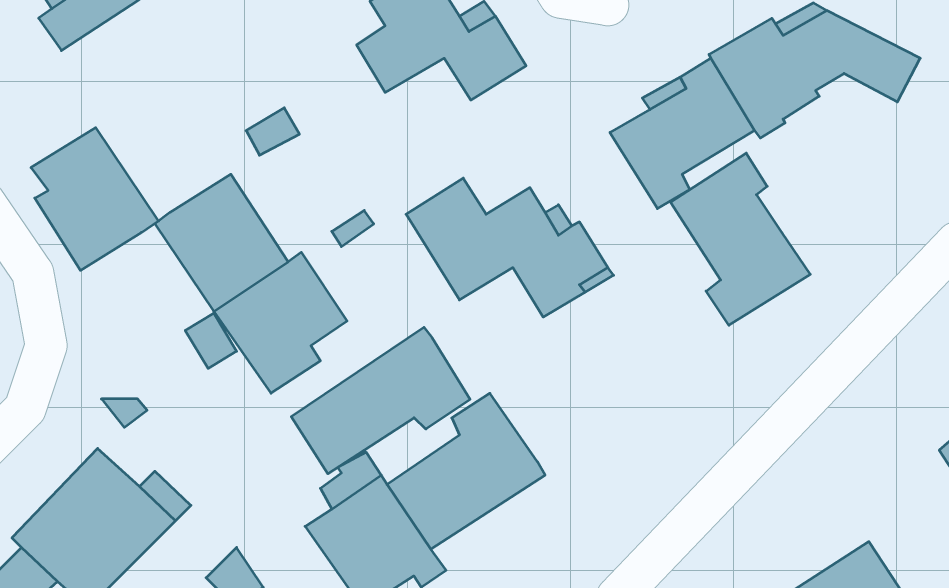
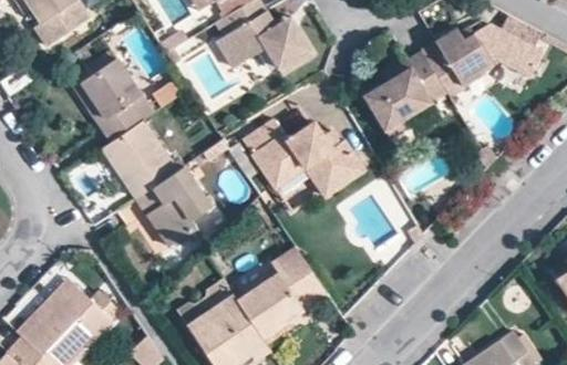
building: [31,128,159,270] -> [80,58,154,140]
building: [670,153,810,325] -> none
building: [291,327,470,474] -> none

